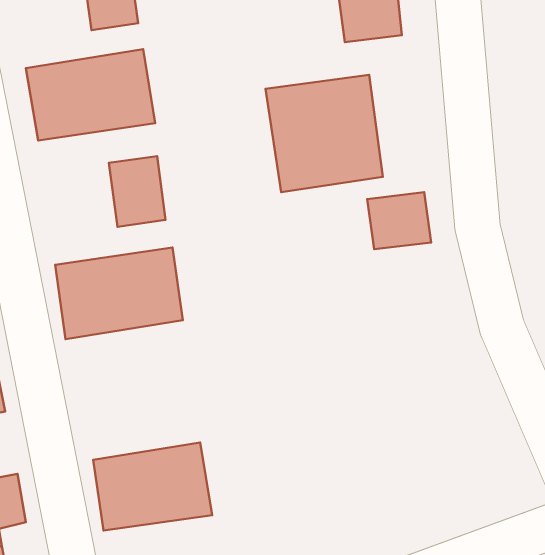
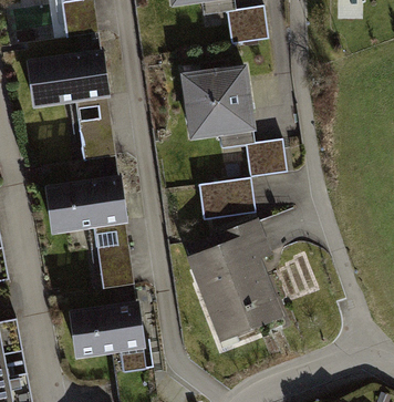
building: none -> [196,177,253,219]
building: none -> [190,218,279,334]
building: none -> [95,244,132,288]

